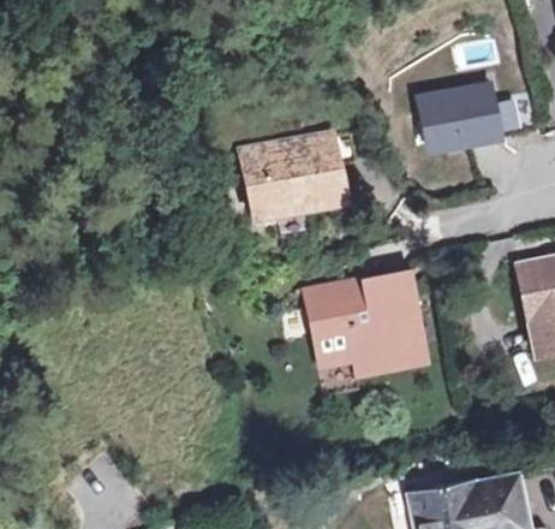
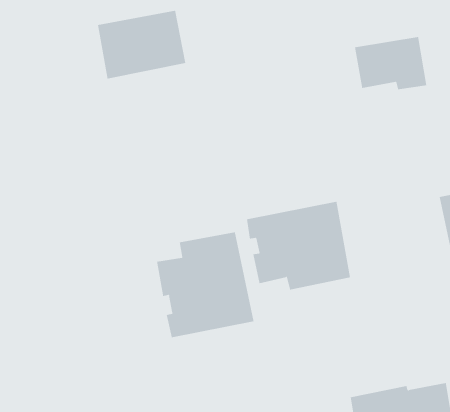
building: [234,133,335,212] -> [97,10,186,79]
building: none -> [156,232,254,338]

